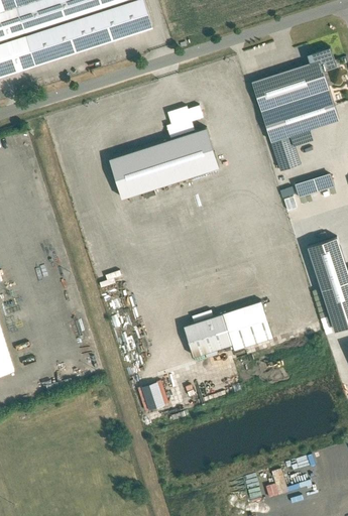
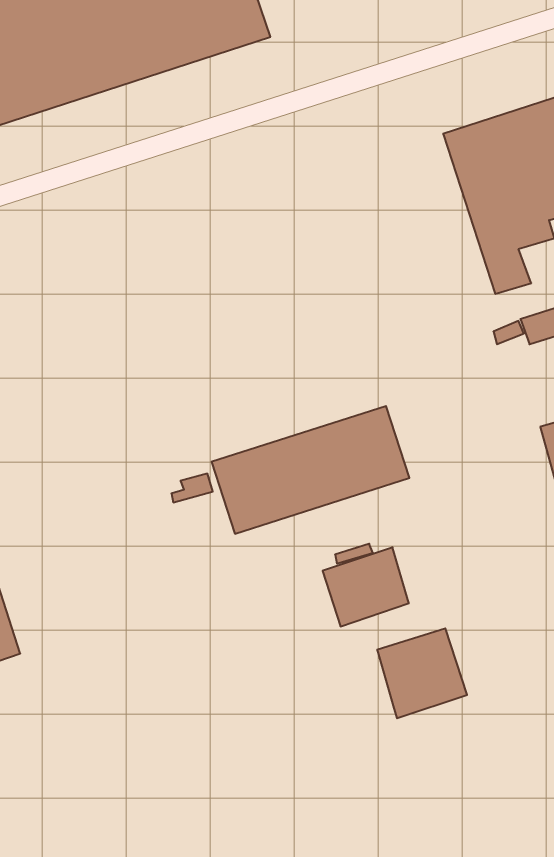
building: [109,127,220,199] -> [212,406,409,534]
building: [223,301,273,352] -> [377,628,467,718]
building: [137,381,168,412] -> none

